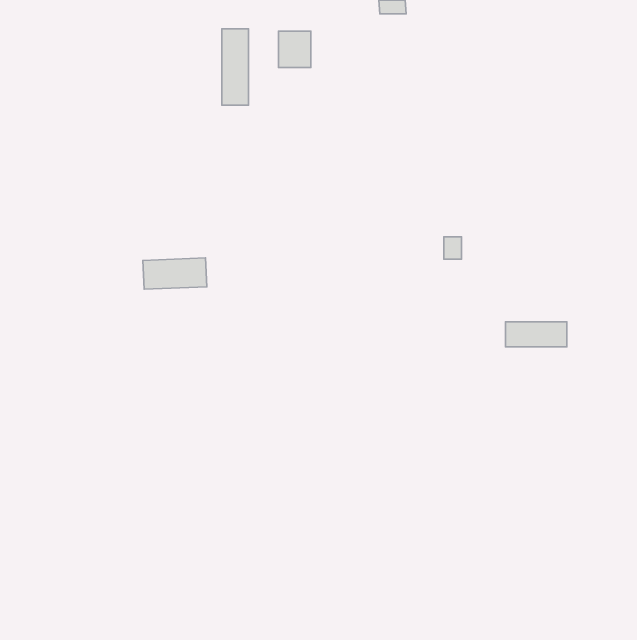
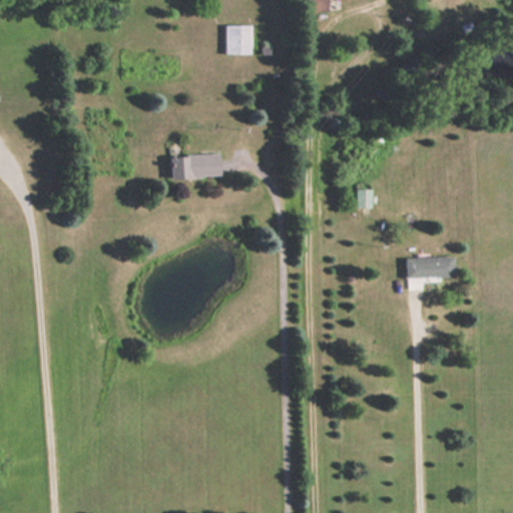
building: [222,29,249,105] -> none
building: [143,258,207,289] -> [170,154,221,179]

